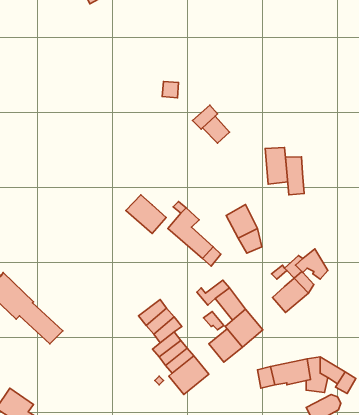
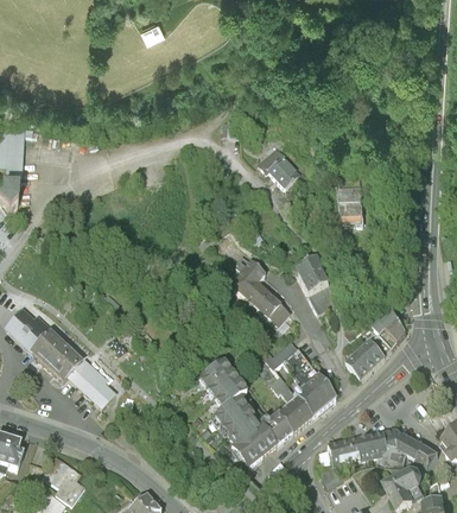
building: [286,157,304,195] -> none
building: [126,195,166,234] -> none
building: none -> [259,410,292,443]

